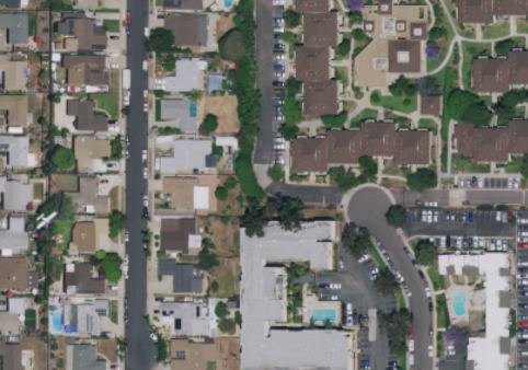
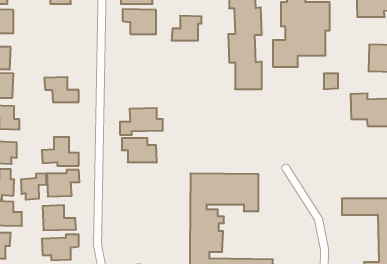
building: [54,12,107,50] -> none
building: [59,55,111,85] -> none
building: [164,59,203,91] -> [172,16,202,41]
building: [160,97,195,131] -> none
building: [297,122,434,172] -> none
building: [72,137,108,172] -> none
building: [159,218,199,251] -> none
building: none -> [21,173,46,200]
building: [160,258,203,292] -> none
building: [161,301,206,333] -> none

